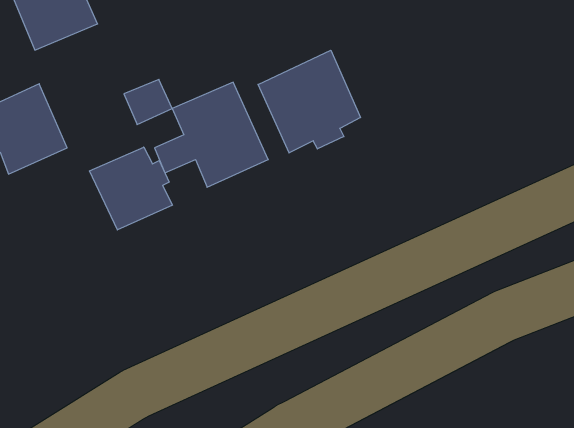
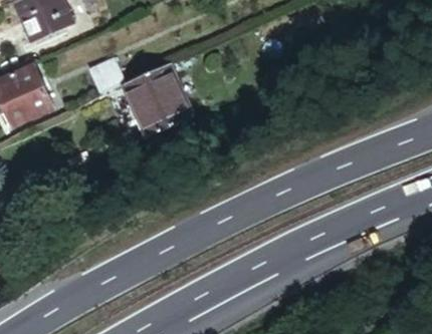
building: [258,50,360,153] -> none
building: [90,147,172,230] -> none

